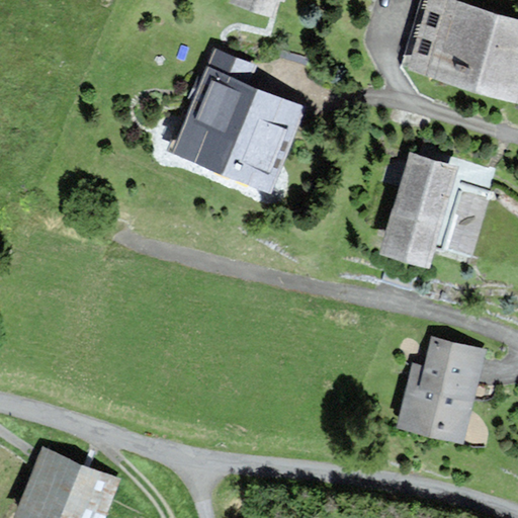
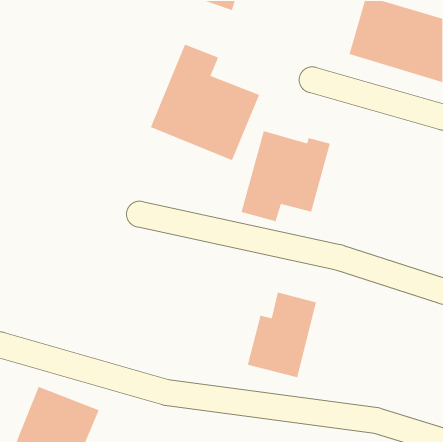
building: [386,157,492,264] -> [241,130,331,222]
building: [400,340,482,441] -> [247,291,317,378]

